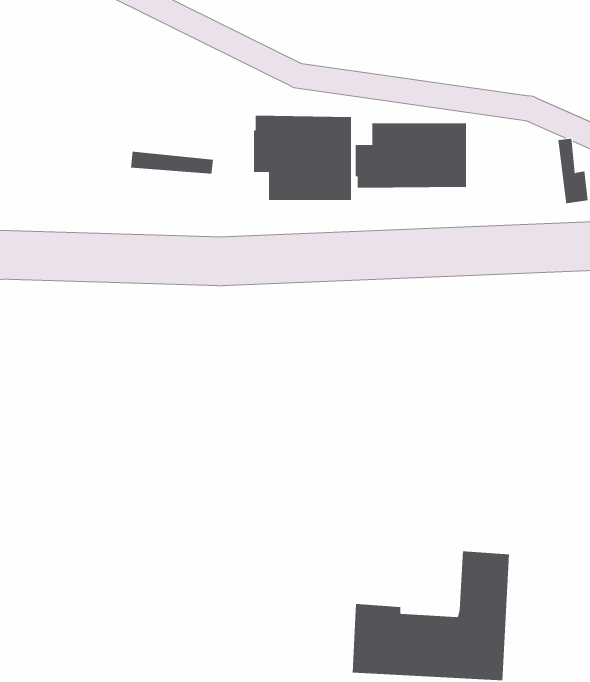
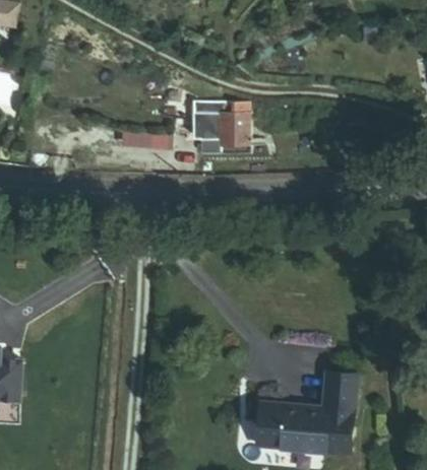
building: [355,123,466,189] -> none

